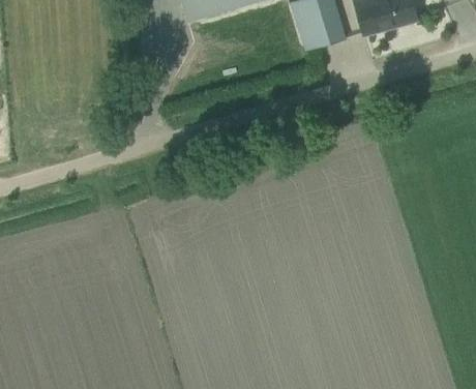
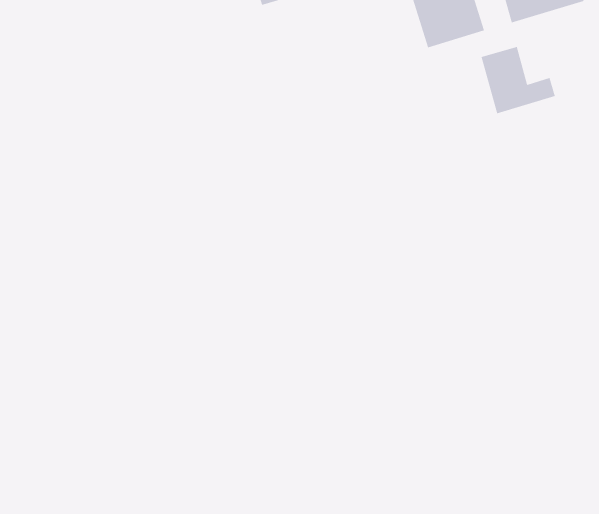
building: none -> [481,46,556,114]

